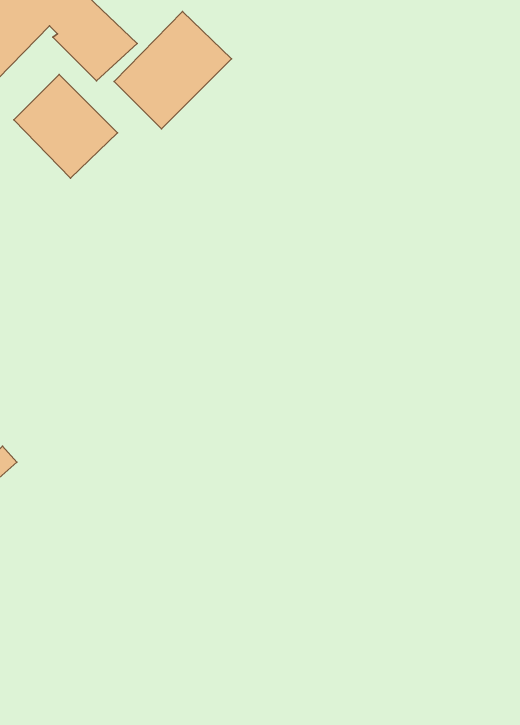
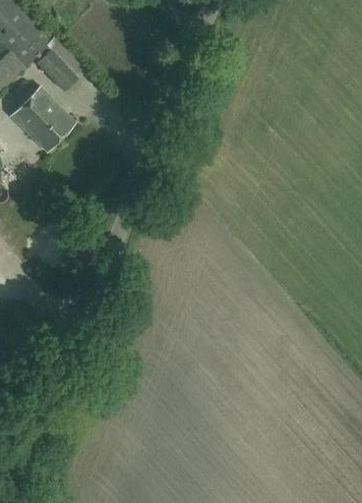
building: [114,12,232,129] -> none

